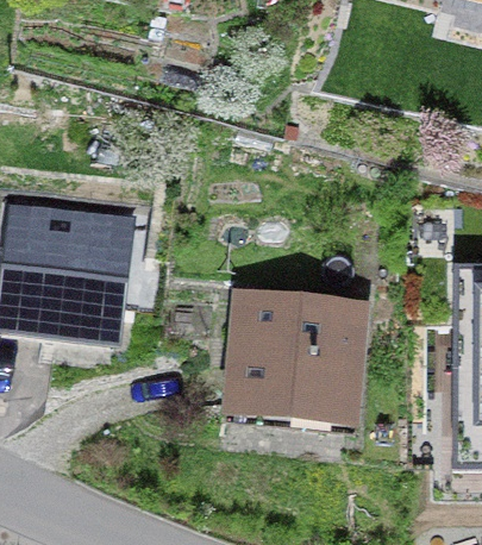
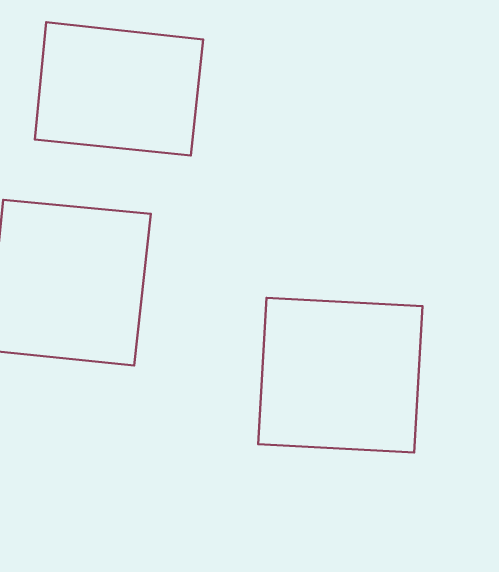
building: none -> [35,22,203,156]

